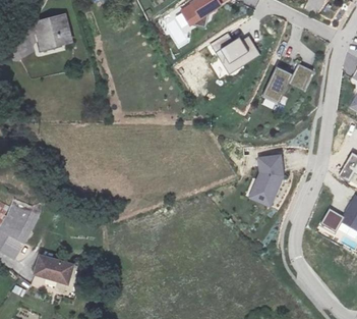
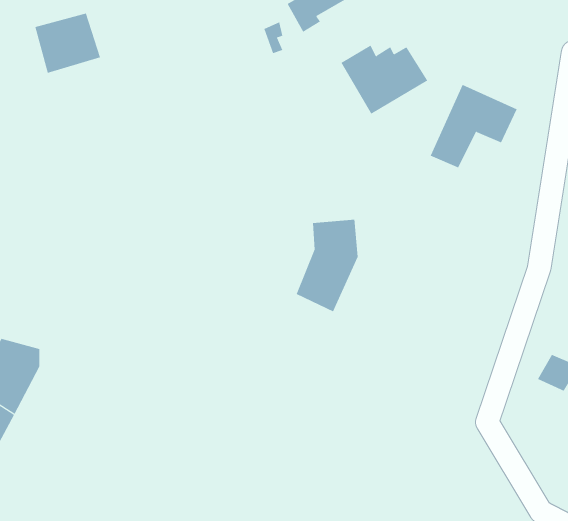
building: [249,154,285,207] -> [296,219,359,312]
building: [38,258,82,288] -> none

